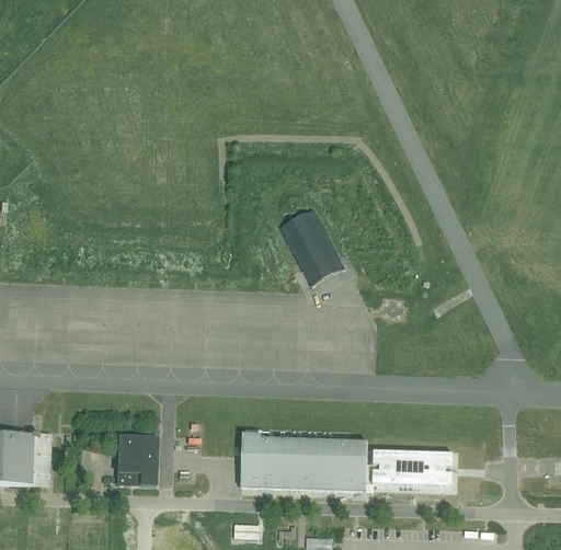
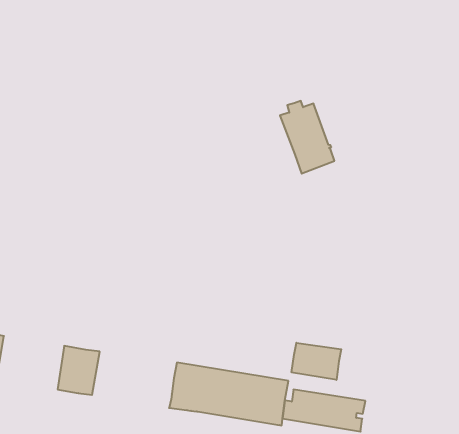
building: [279,207,345,286] -> [280,101,334,174]
building: none -> [292,343,341,380]

